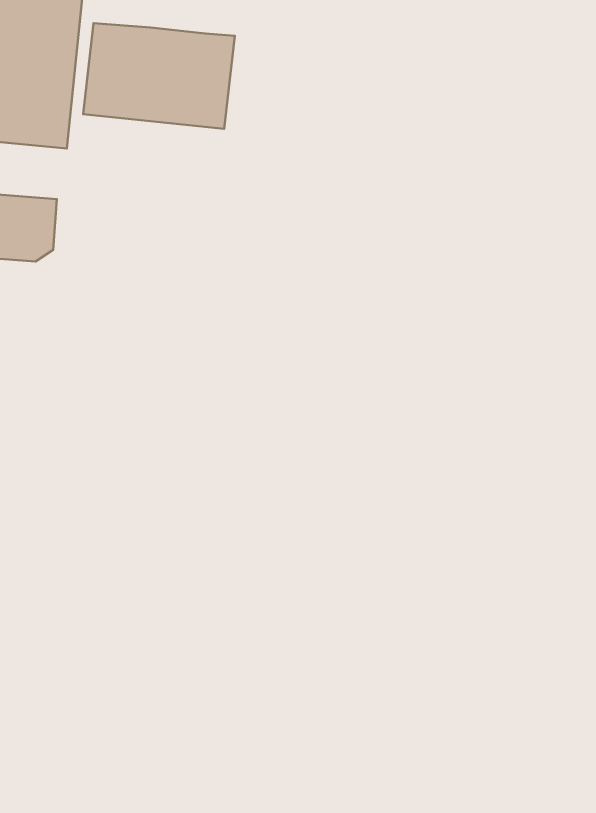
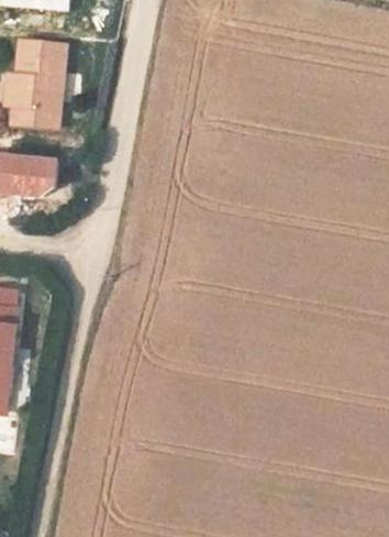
building: [83,23,235,129] -> none

